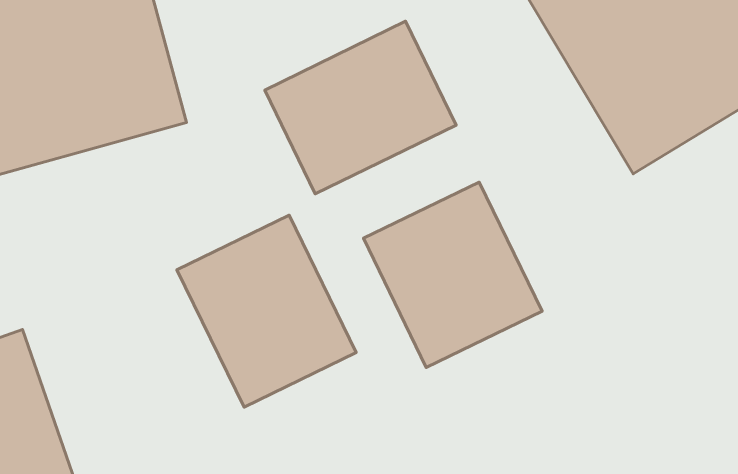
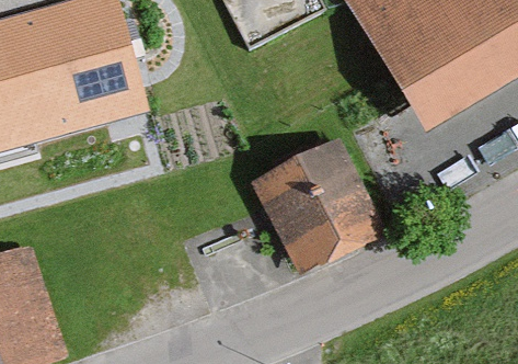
building: [265,21,456,194] -> none
building: [177,215,356,407] -> none

